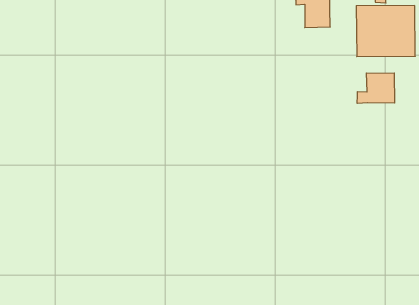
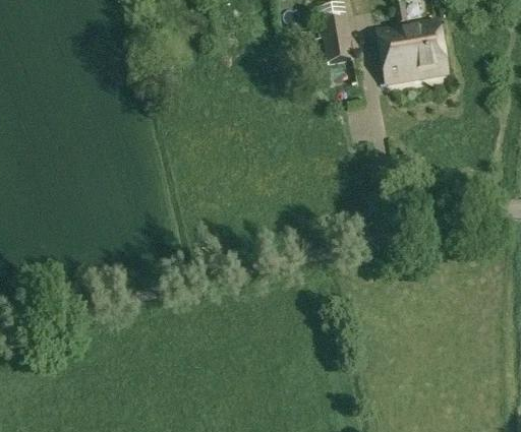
building: [357,73,394,103] -> none

